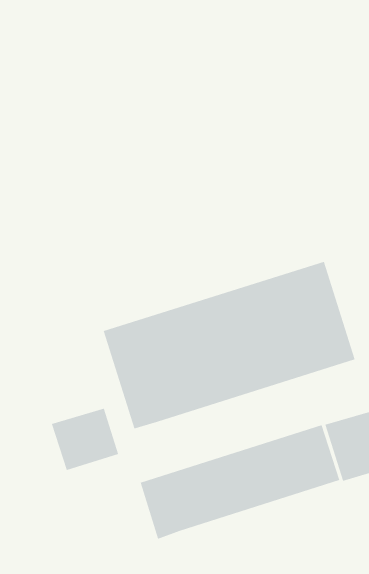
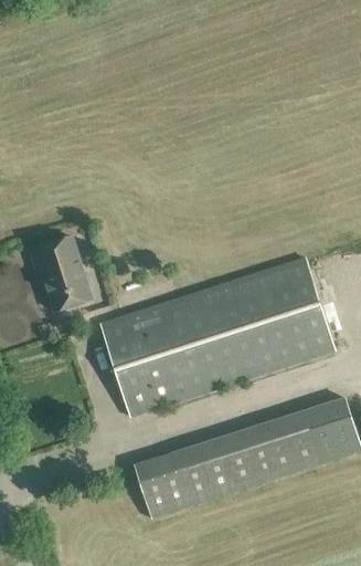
building: none -> [31,235,93,311]
building: [51,408,119,471] -> none

